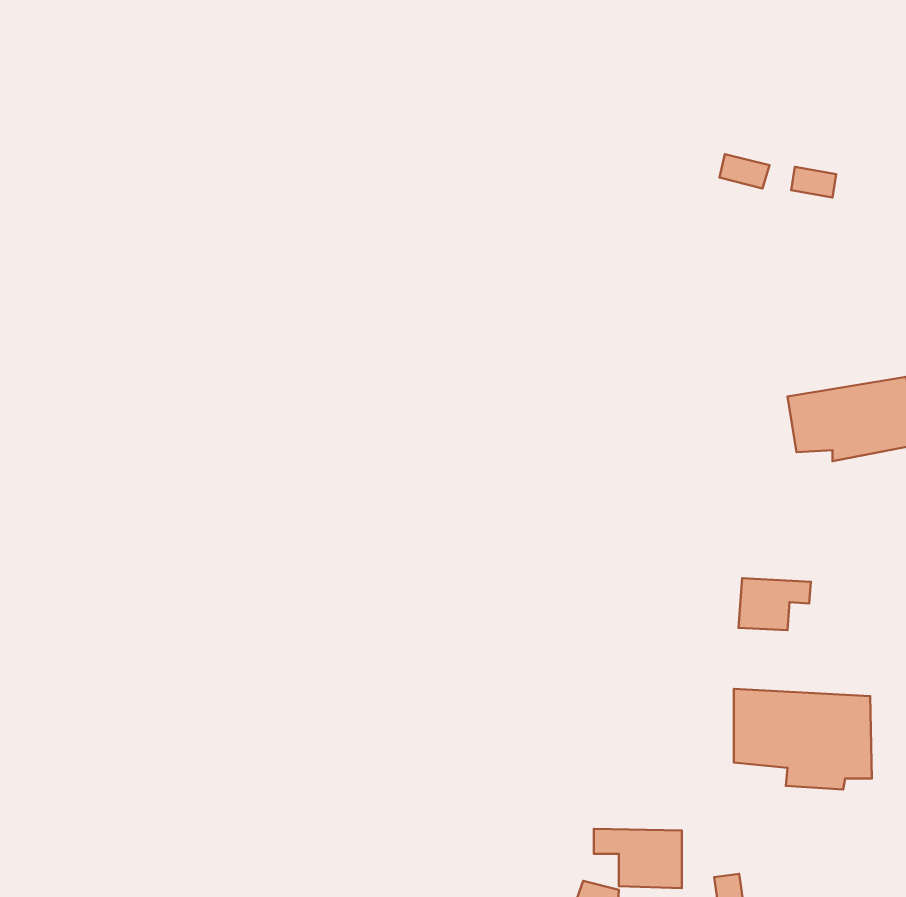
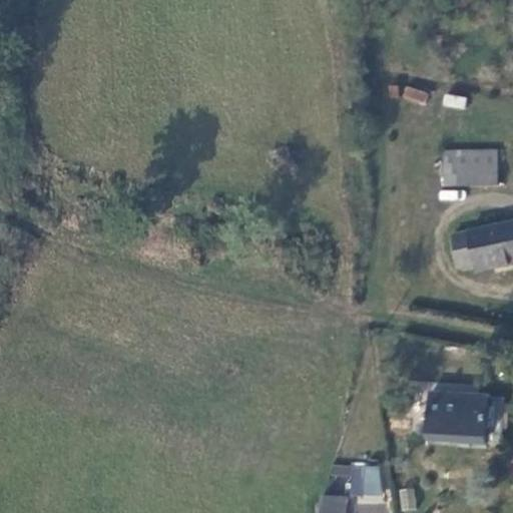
building: none -> [448,139,496,178]
building: [739,578,811,630] -> none

